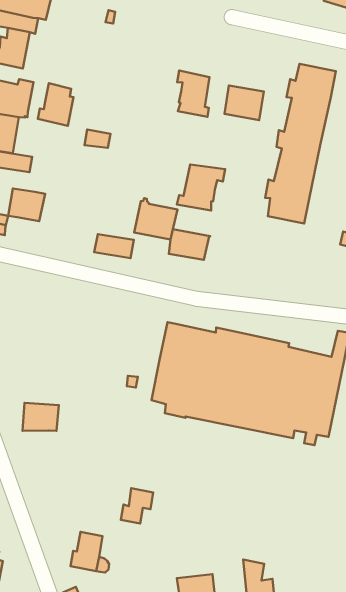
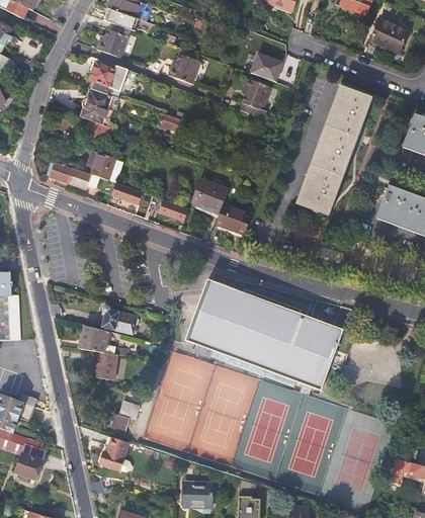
building: [38,83,74,126] -> [168,48,199,84]
building: [224,85,264,120] -> [251,50,285,81]
building: [177,164,225,211] -> none
building: none -> [111,184,145,207]
building: none -> [99,304,138,335]
building: none -> [94,351,117,379]
building: [121,488,153,523] -> [110,401,140,430]

